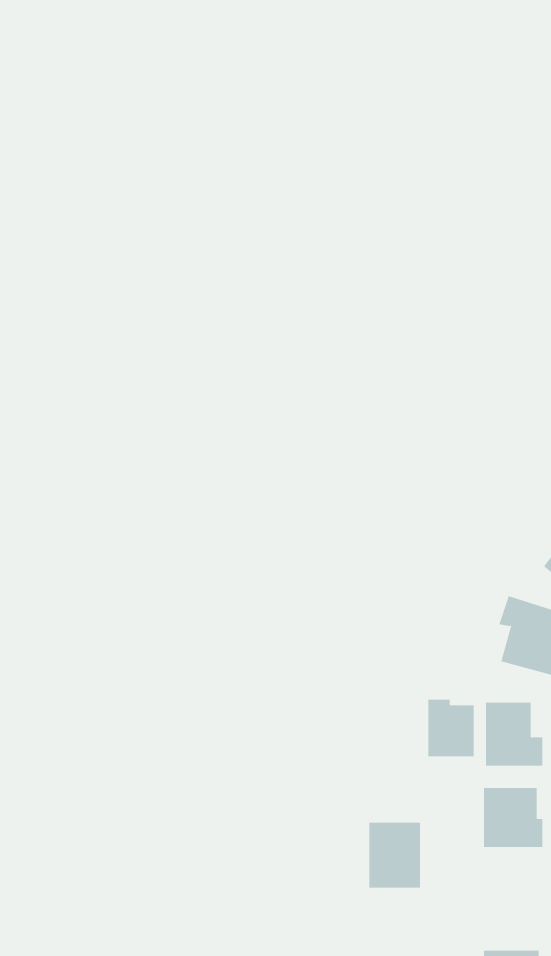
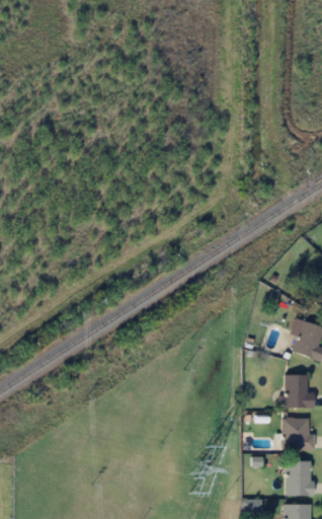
building: [428,699,474,757] -> none
building: [369,822,421,888] -> [286,461,313,496]

